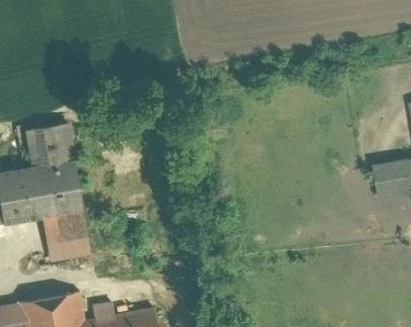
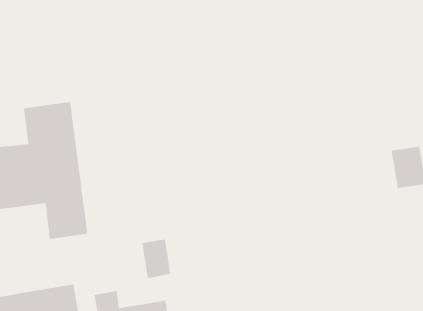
building: none -> [142,238,171,279]

